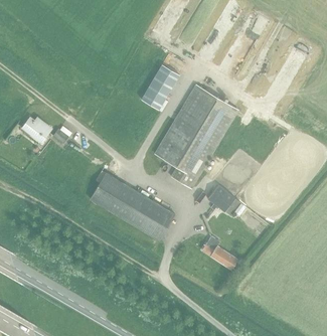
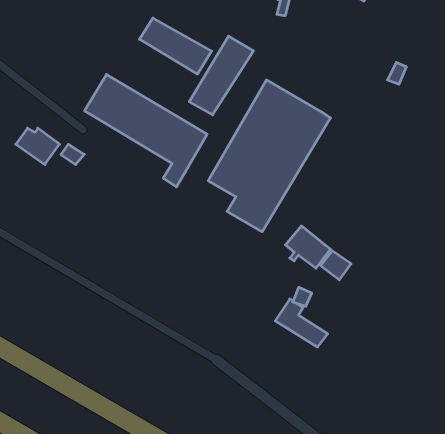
building: none -> [139,18,212,74]
building: [90,172,174,249] -> [85,74,207,187]

